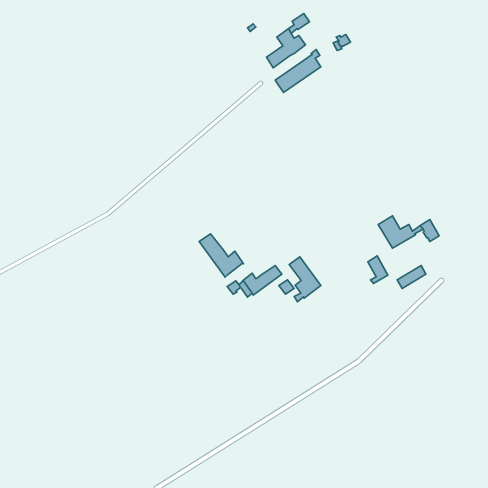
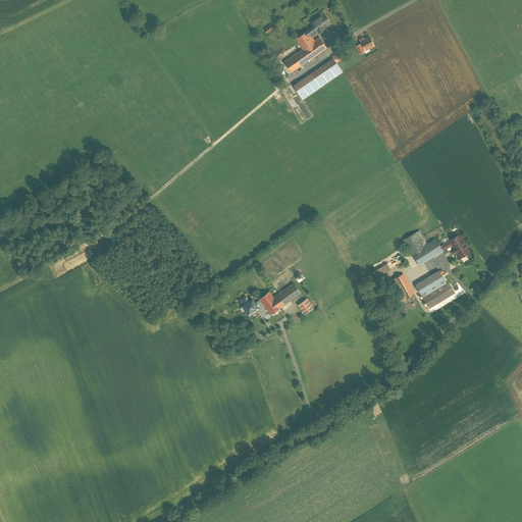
building: [199,234,243,277] -> none
building: none -> [415,270,448,299]
building: [289,257,321,302] -> none

